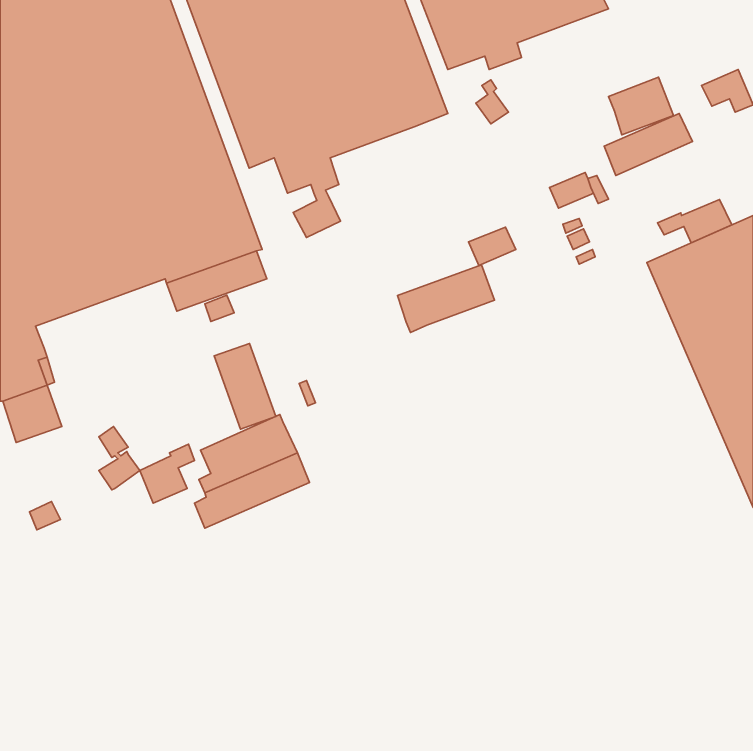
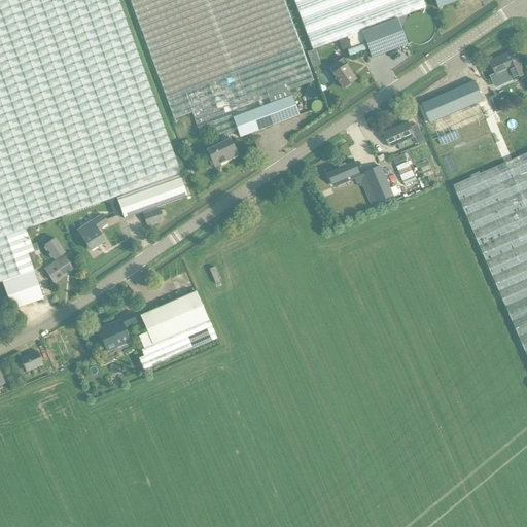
building: [609,77,673,135] -> [361,16,407,57]
building: [657,200,732,243] -> none
building: none -> [366,168,394,203]
building: [397,265,495,333] -> [231,89,298,136]
building: none -> [77,213,107,249]
building: [214,343,276,429] -> none
building: [99,426,140,490] -> [44,237,73,281]

